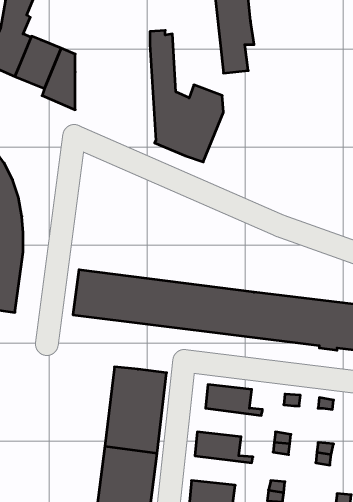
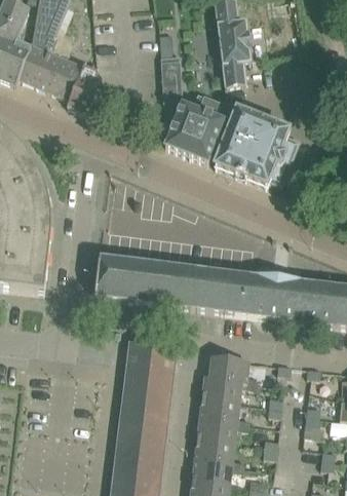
building: none -> [214,104,299,185]
building: none -> [201,374,257,399]
building: none -> [196,416,248,442]

